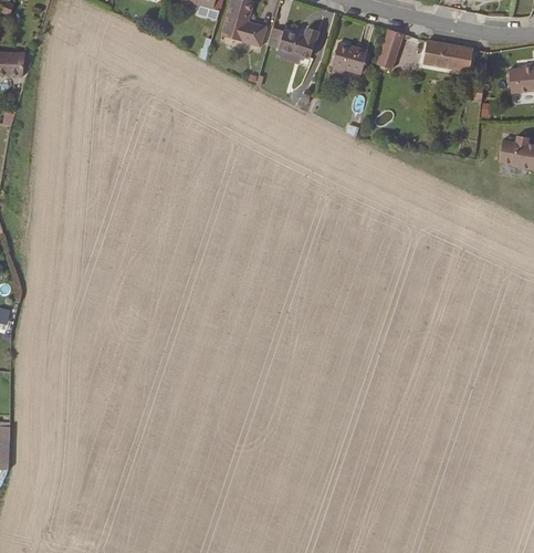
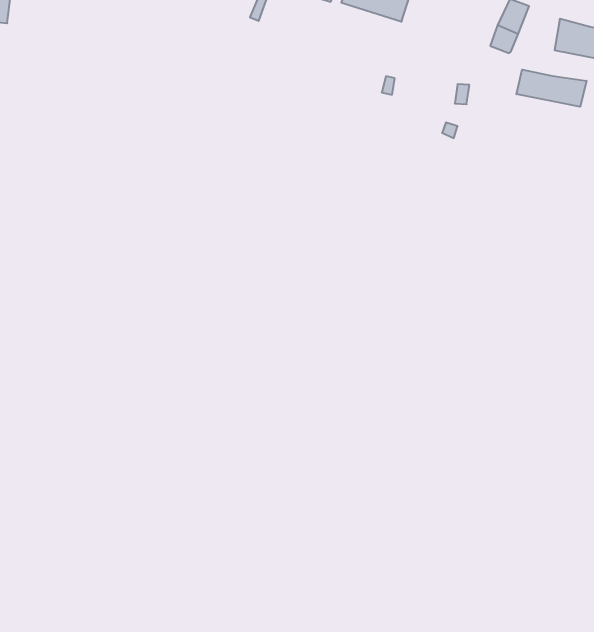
building: [332,43,367,73] -> none
building: none -> [516,70,586,107]

